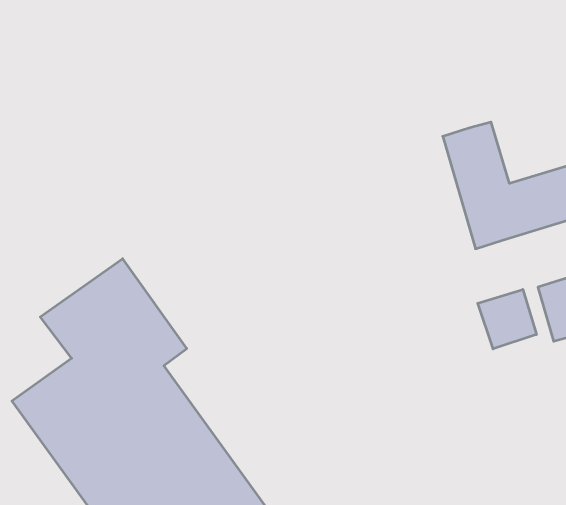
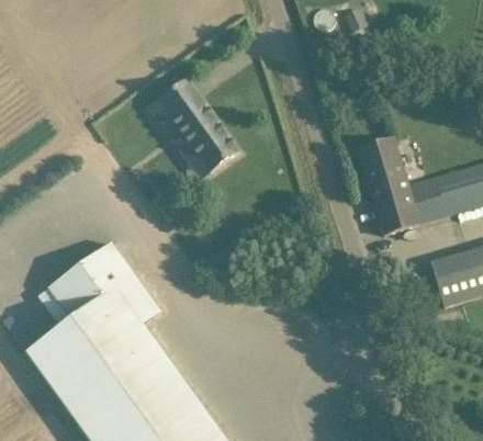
building: none -> [149,79,238,170]
building: [478,289,536,349] -> none

